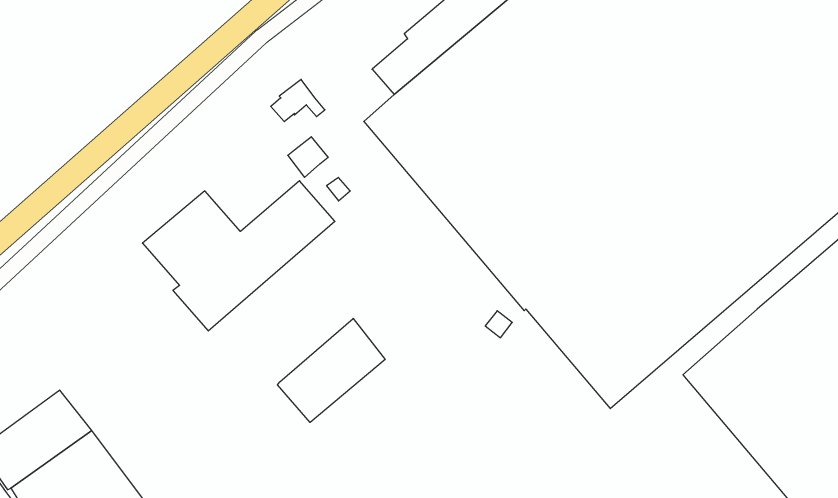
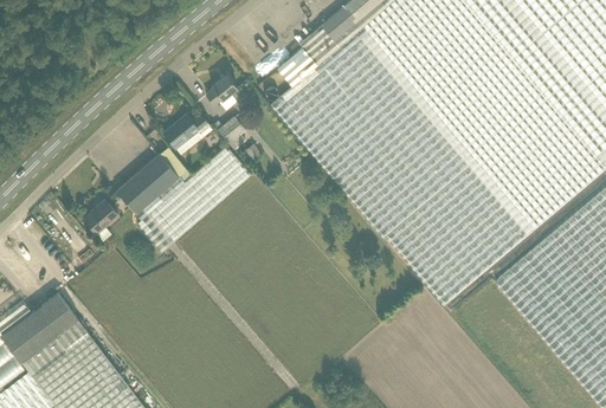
building: none -> [165,112,209,148]
building: none -> [84,199,118,232]
building: [277,318,385,422] -> none

